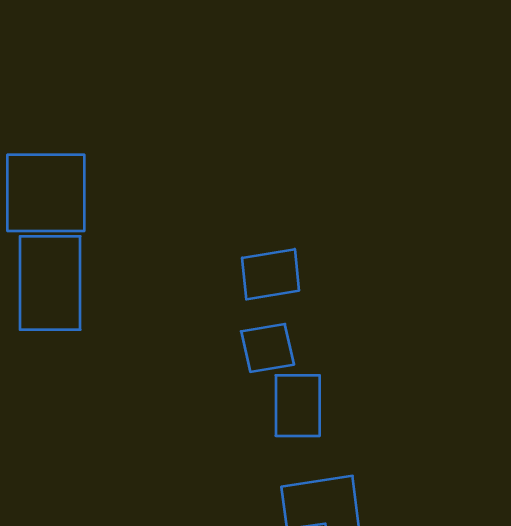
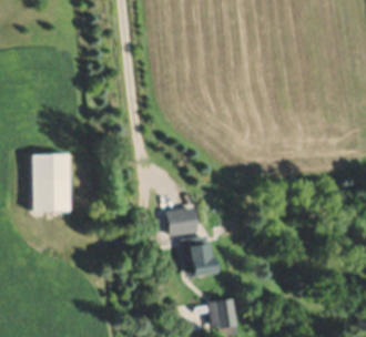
building: [8,155,84,231] -> none
building: [242,249,299,299] -> none

